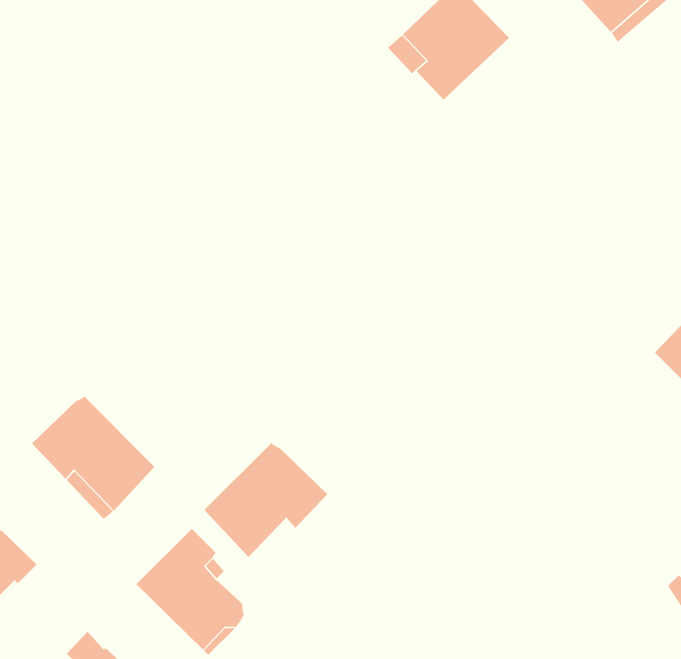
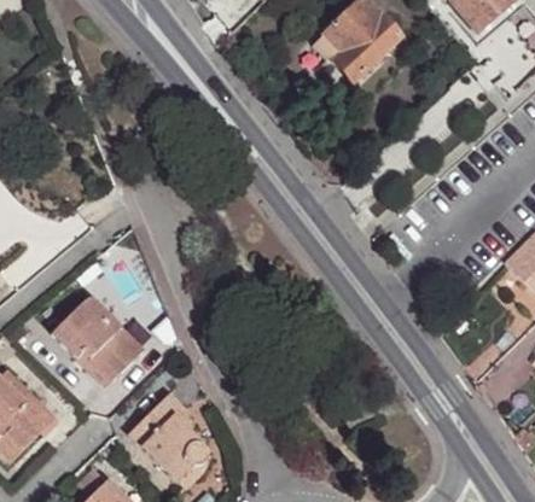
building: [204,442,328,558] -> none

